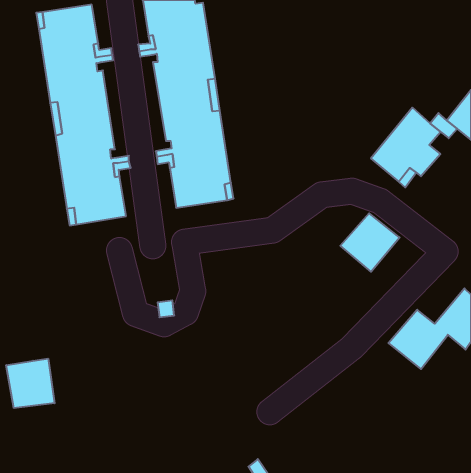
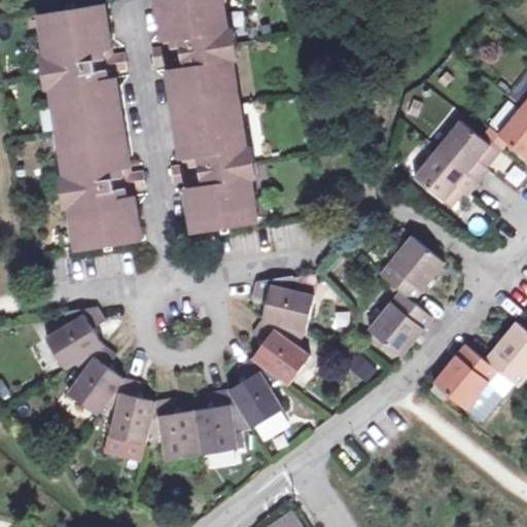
building: none -> [43,278,313,459]
building: none -> [368,292,432,357]
building: [6,359,55,408] -> none

